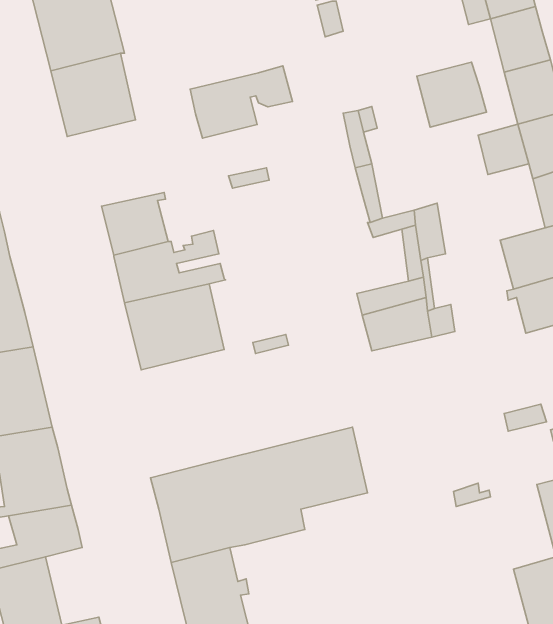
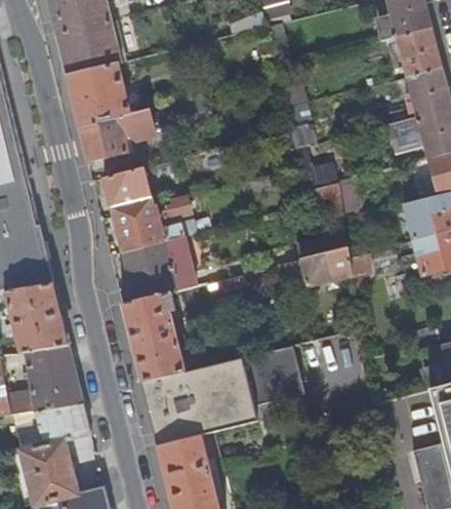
building: [417,62,486,127] -> none
building: [190,66,293,138] -> [79,109,156,163]
building: none -> [123,292,186,383]

